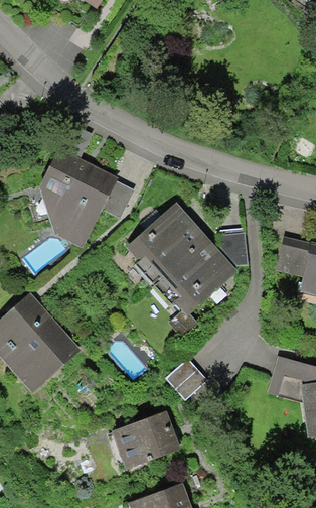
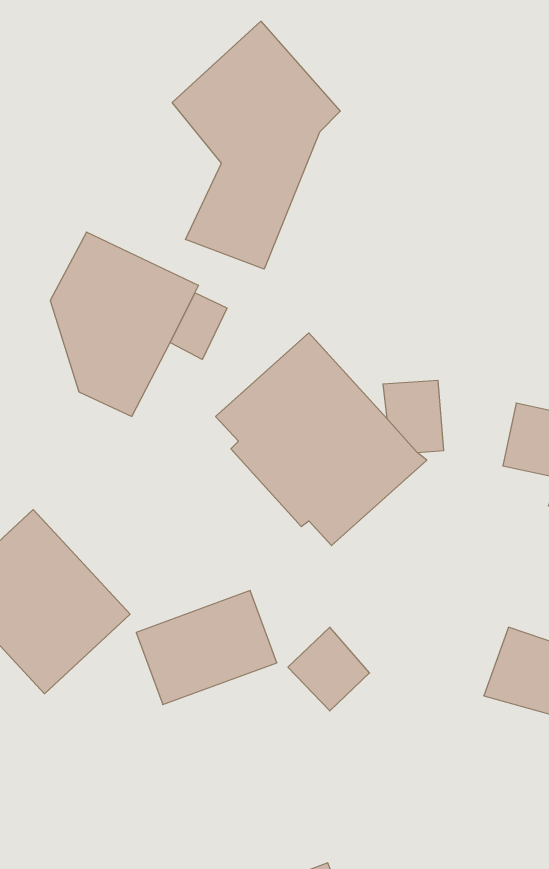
building: none -> [172,21,340,269]
building: [108,410,182,471] -> [136,591,277,705]

